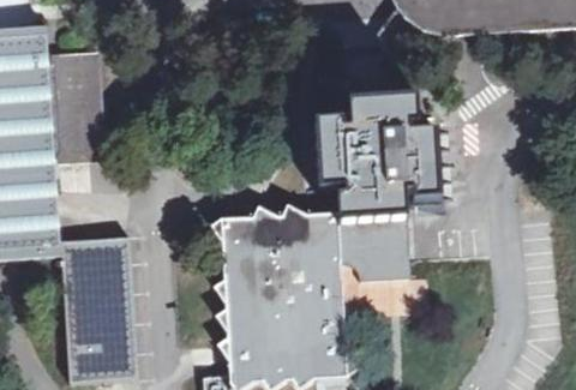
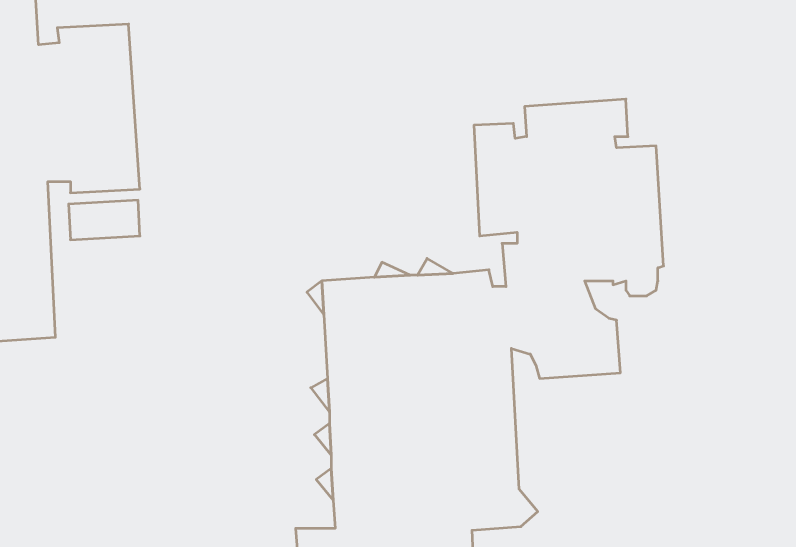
building: [59,235,137,380] -> none

